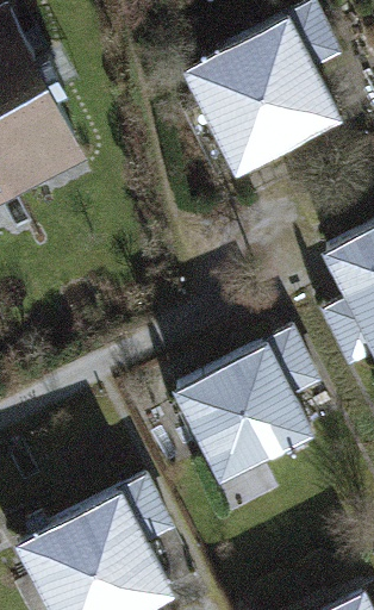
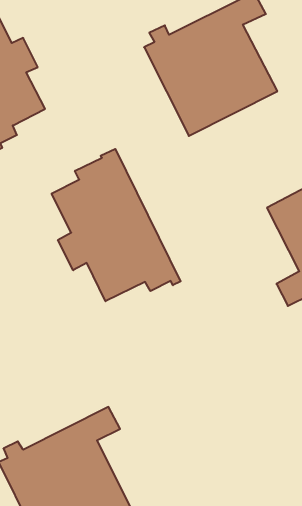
building: none -> [52,149,181,301]
building: [176,347,317,480] -> none

